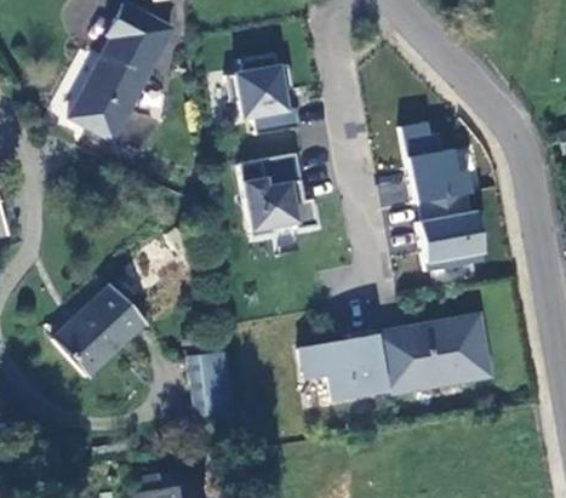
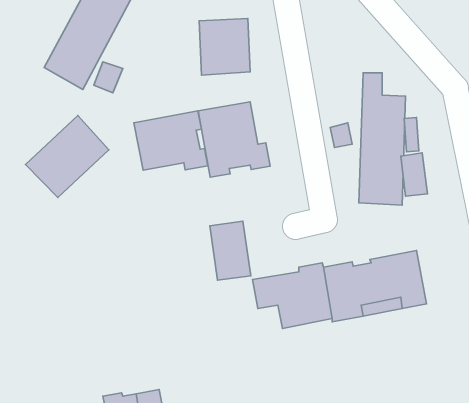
building: none -> [134,111,208,170]
building: [52,286,143,376] -> [26,115,109,198]
building: [189,354,234,418] -> [210,221,251,280]

